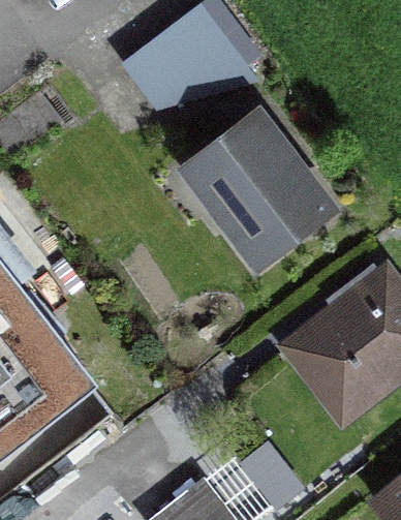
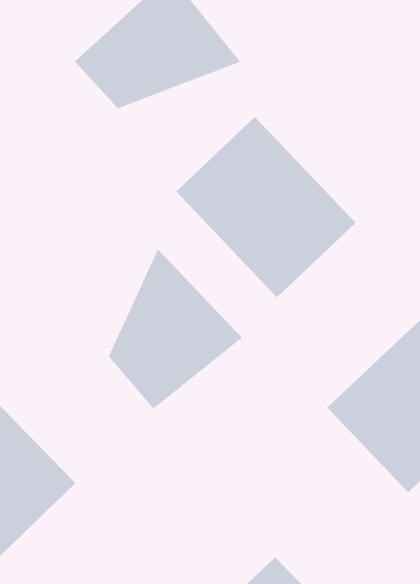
building: none -> [108,249,243,410]

